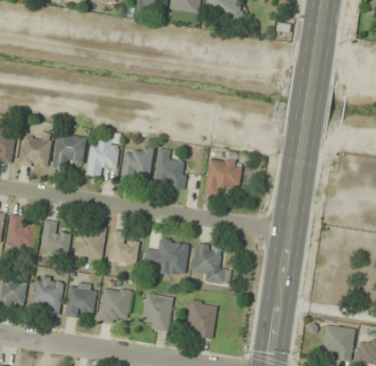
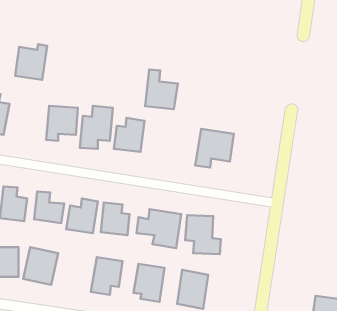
building: [19,133,51,169] -> [15,44,47,80]
building: [154,148,187,189] -> [145,70,178,109]
building: [65,283,95,319] -> none

